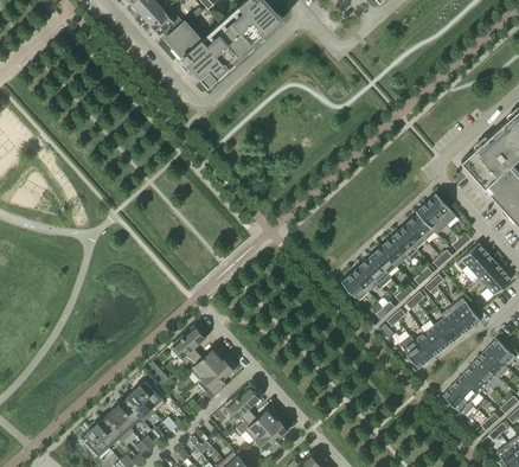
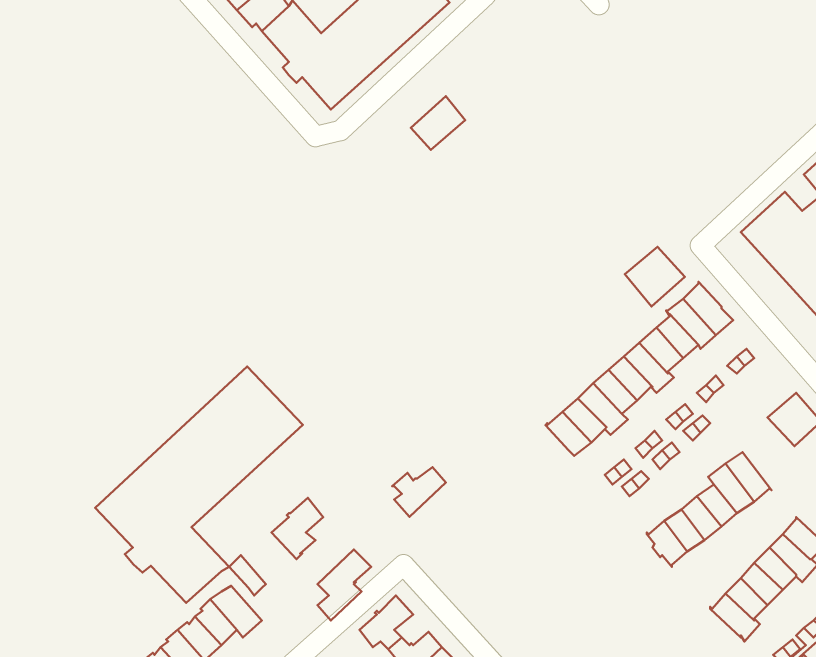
building: none -> [411,96,465,150]
building: none -> [625,247,685,306]
building: [456,242,495,281] -> none
building: none -> [95,367,303,603]
building: [188,348,222,379] -> [392,467,446,517]

